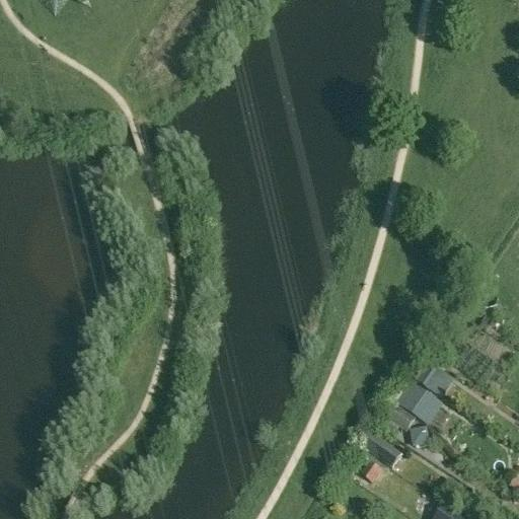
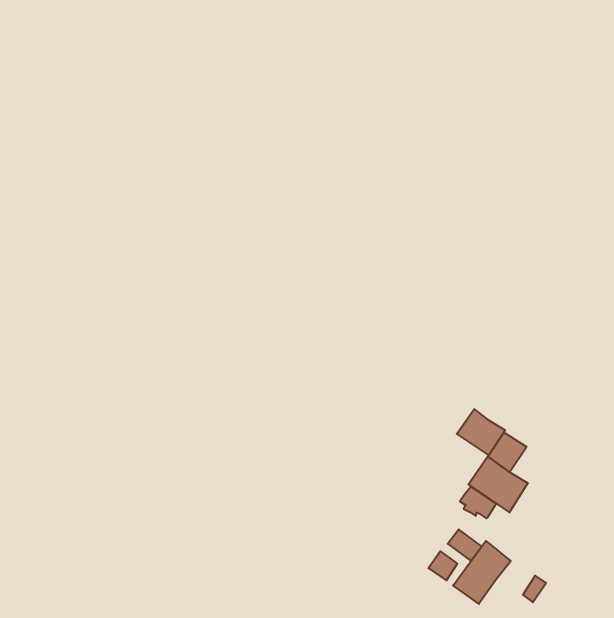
building: none -> [457,409,505,455]
building: none -> [453,541,511,604]

